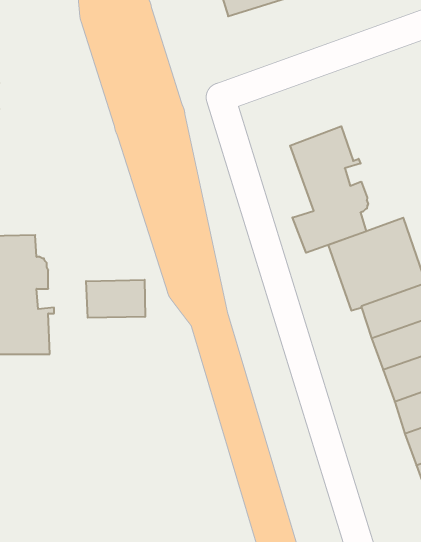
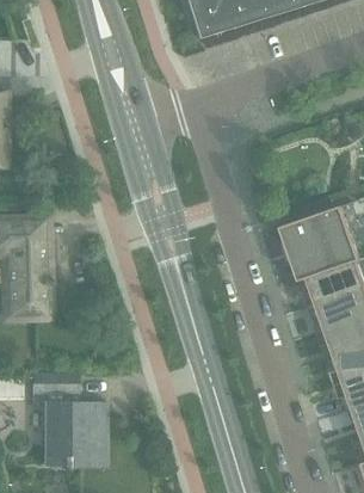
building: [290,126,368,253] -> none
building: [86,280,145,318] -> none
building: none -> [32,374,105,464]

